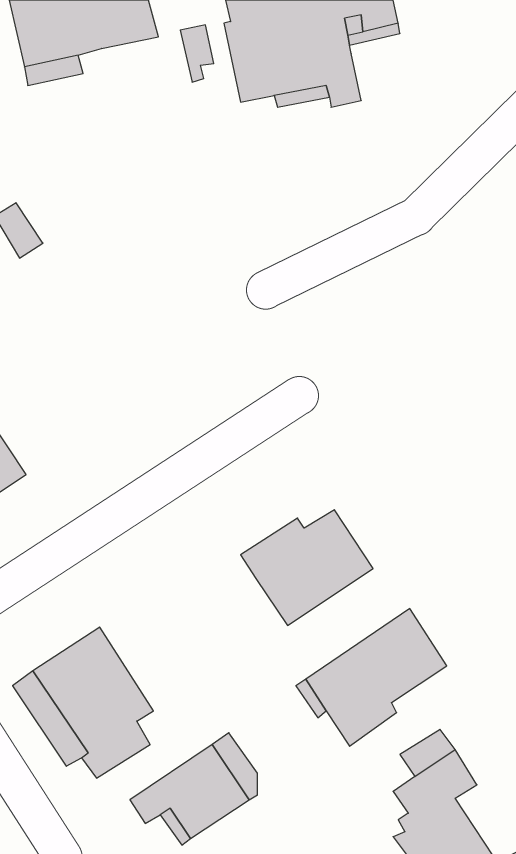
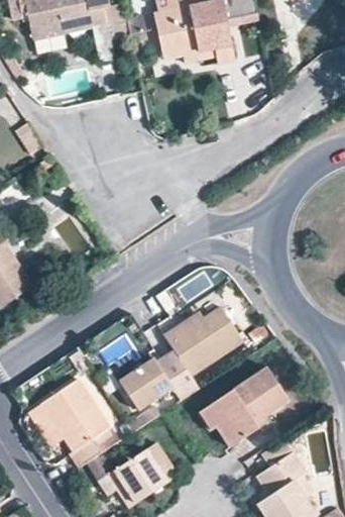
building: none -> [118,348,199,411]

